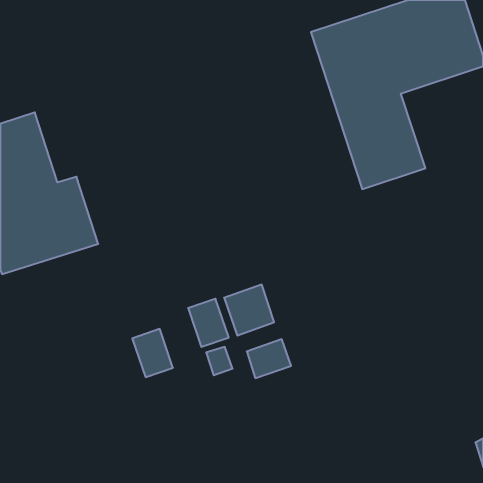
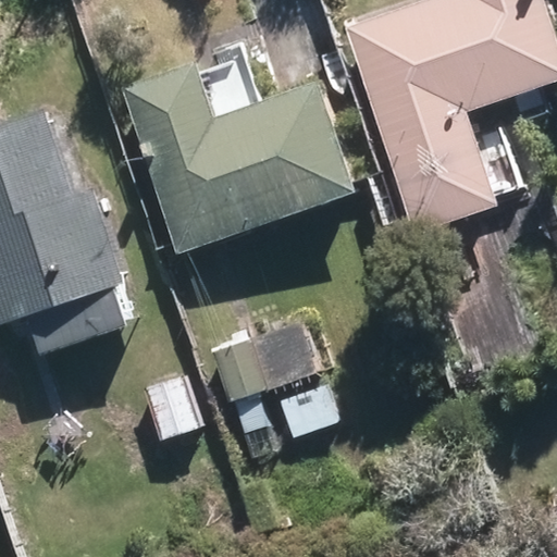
building: none -> [135,82,343,239]

